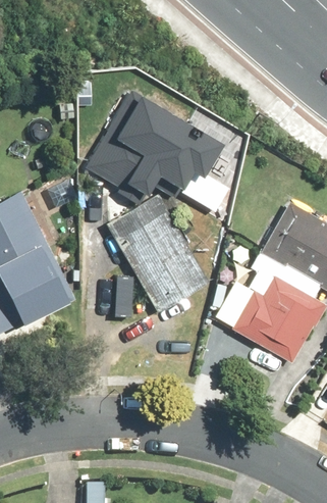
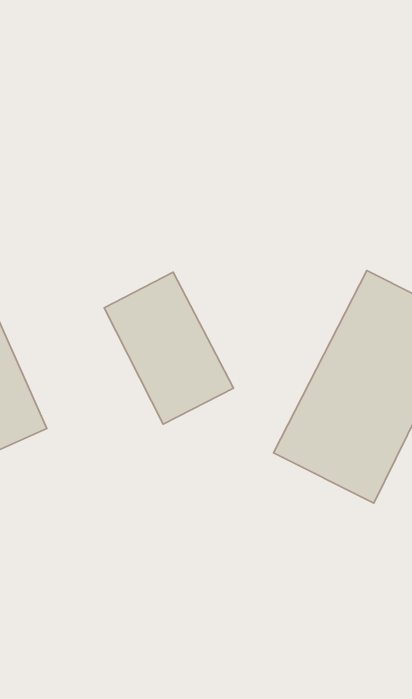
building: [90,84,222,191] -> none

